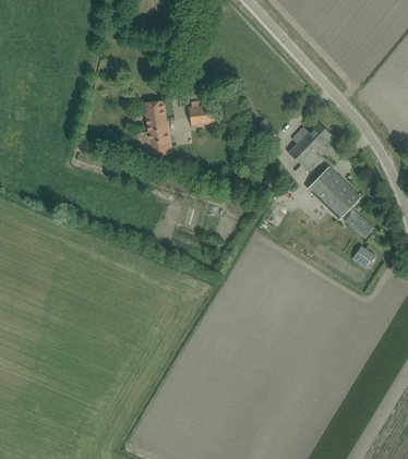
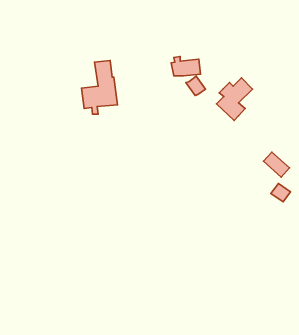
building: [188,101,223,124] -> [171,57,201,76]
building: [309,167,360,218] -> none

